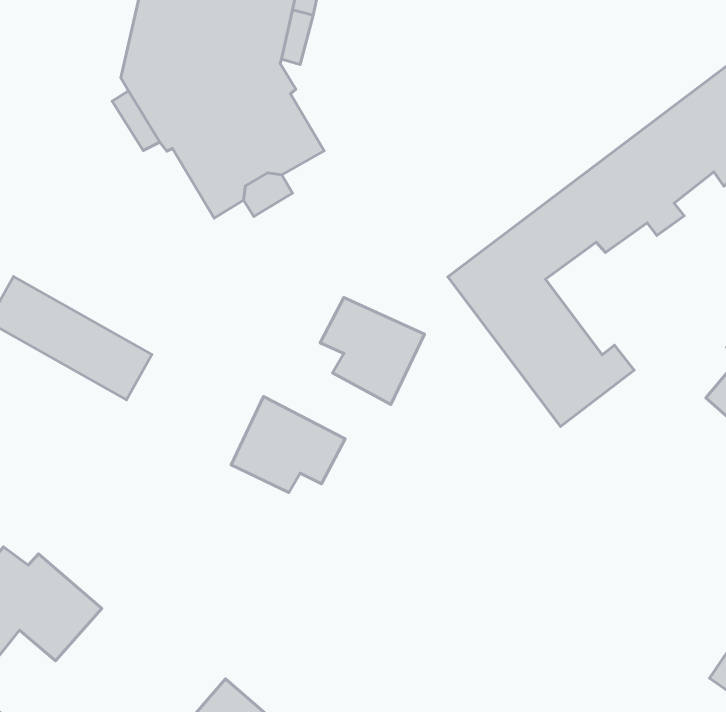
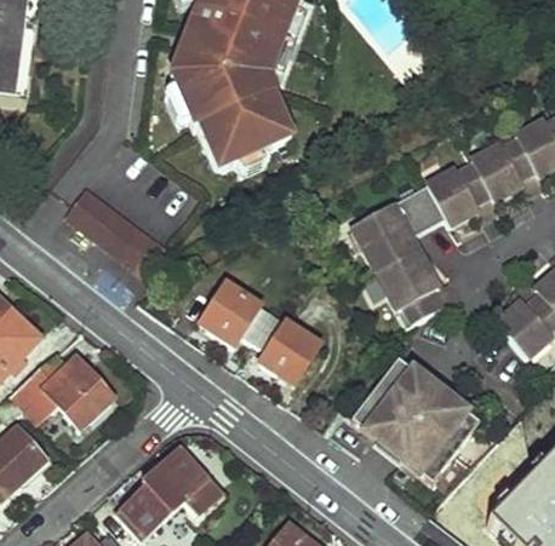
building: [320,298,425,405] -> [256,315,320,384]
building: none -> [350,358,477,482]

